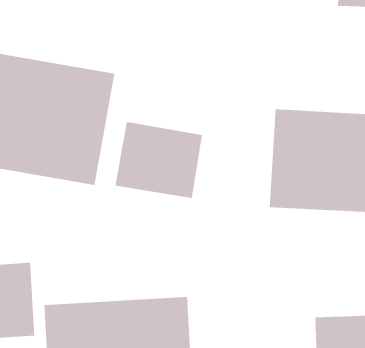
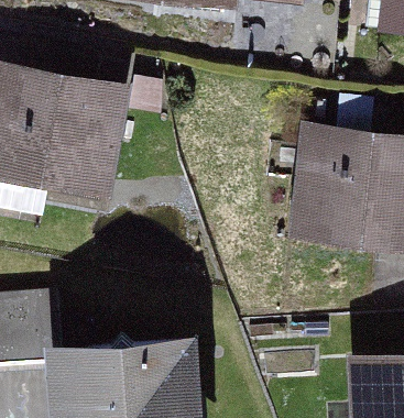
building: [115,121,203,199] -> none

